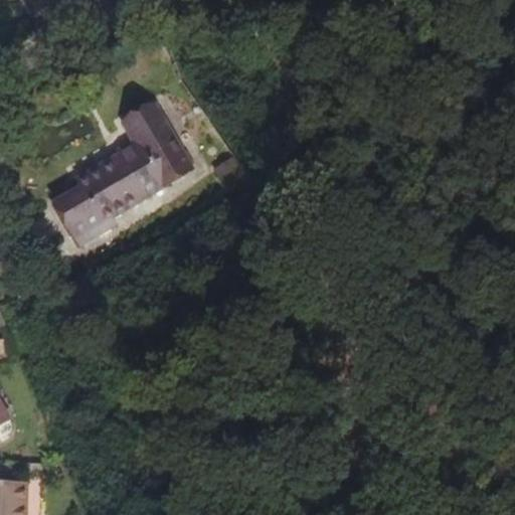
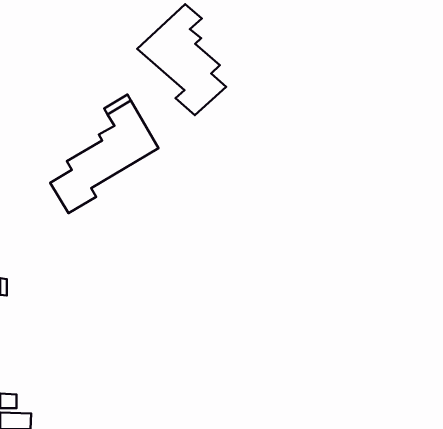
building: none -> [137,4,226,115]

